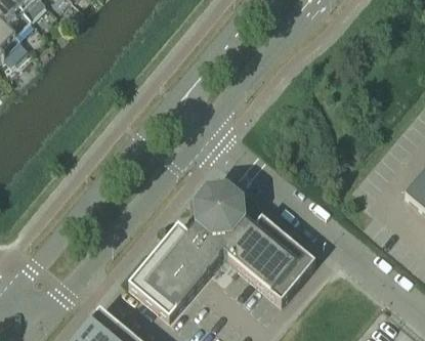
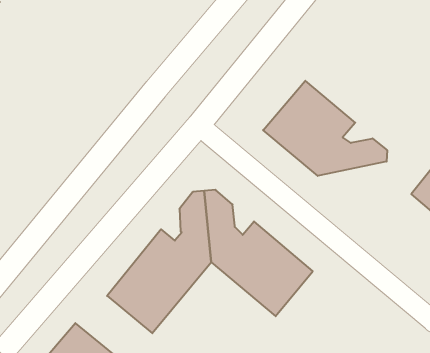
building: none -> [263,81,387,176]

